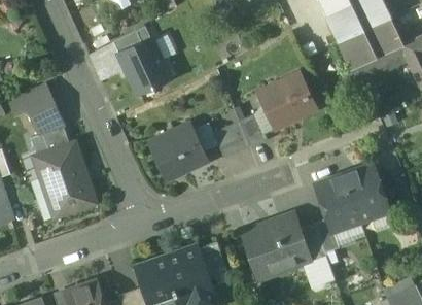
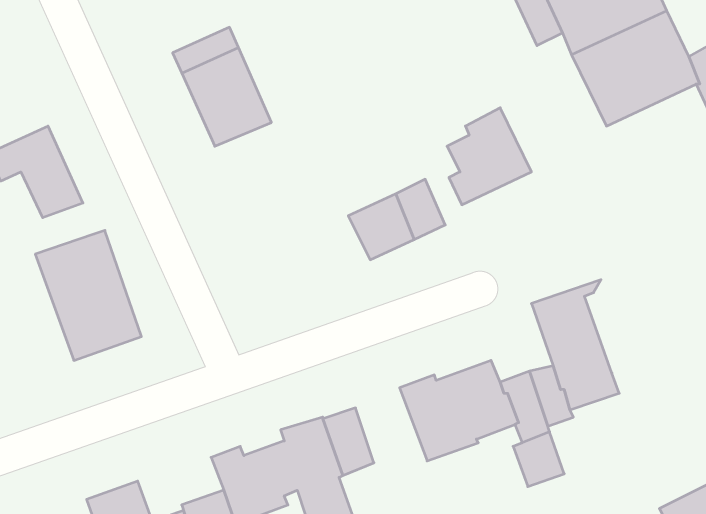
building: [30,127,69,156] -> none
building: [148,131,204,179] -> none
building: [345,165,388,223] -> none

